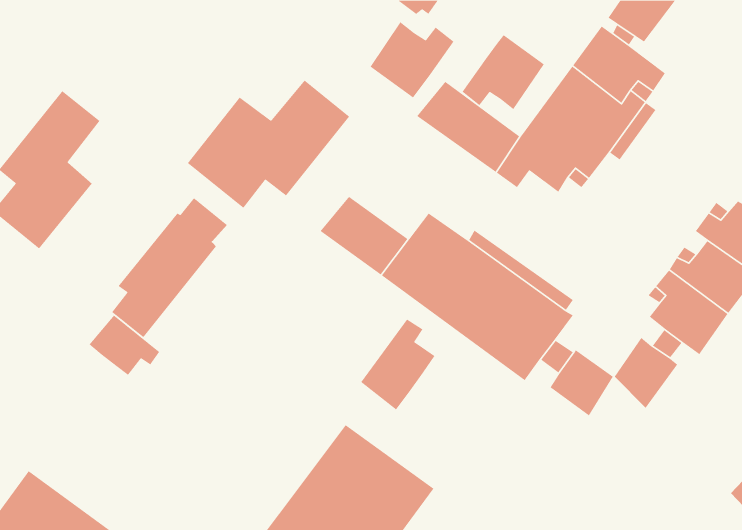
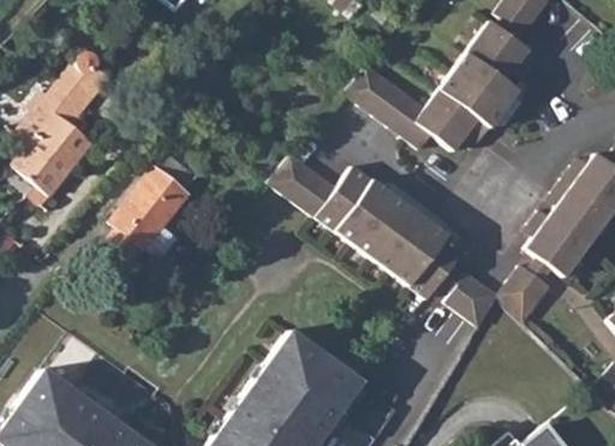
building: [369,21,454,98] -> none
building: [462,34,545,110] -> none
building: [187,80,350,209] -> none
building: [88,315,160,376] -> none
building: [360,318,436,410] -> none

